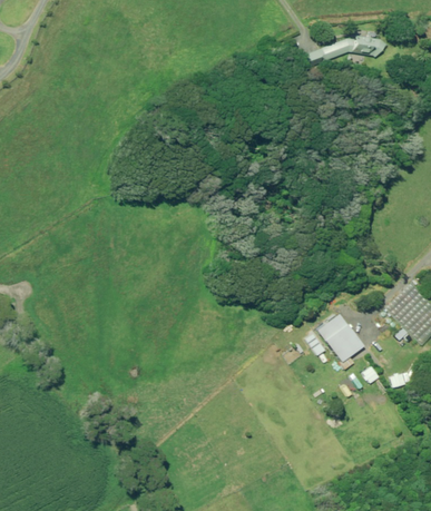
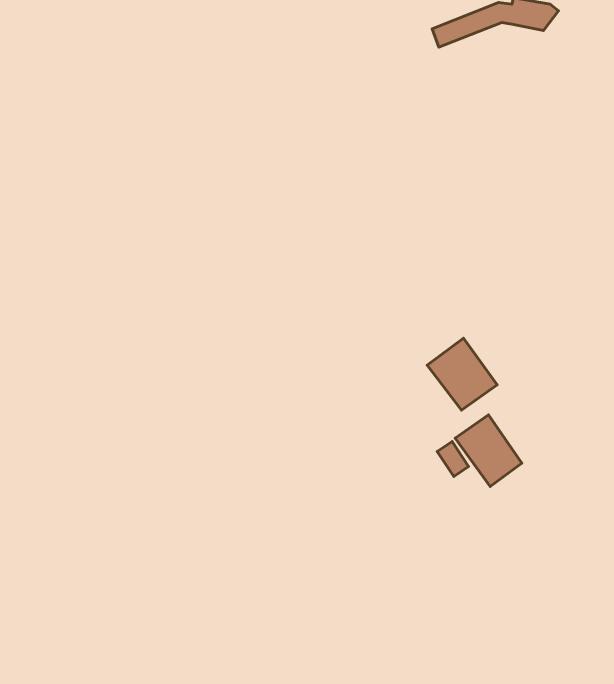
building: none -> [427,338,497,410]

